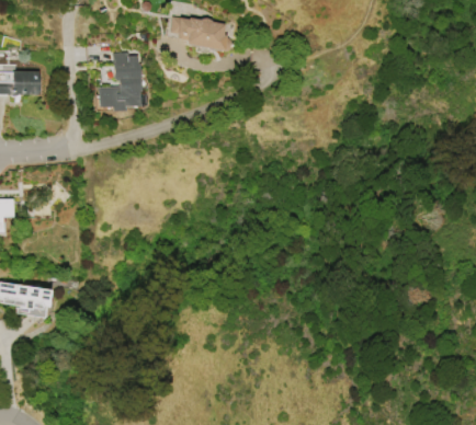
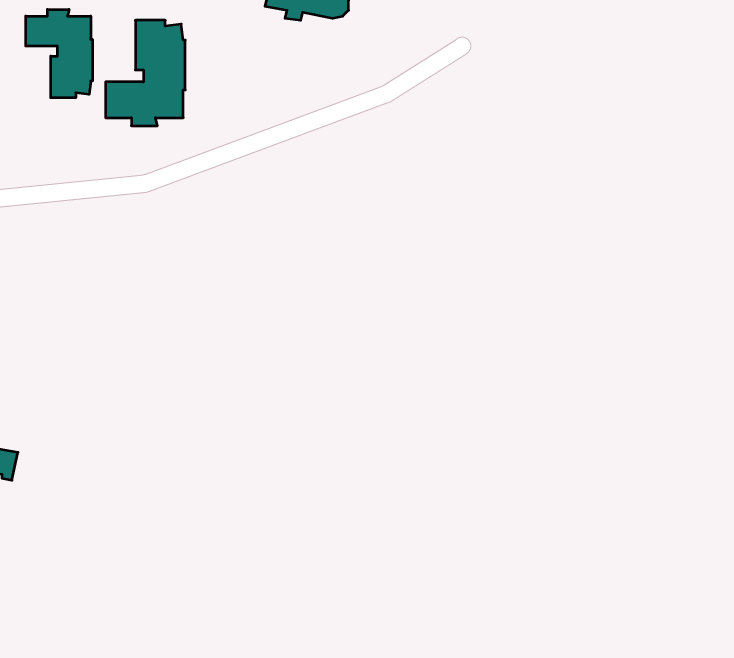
building: none -> [26,9,92,98]

